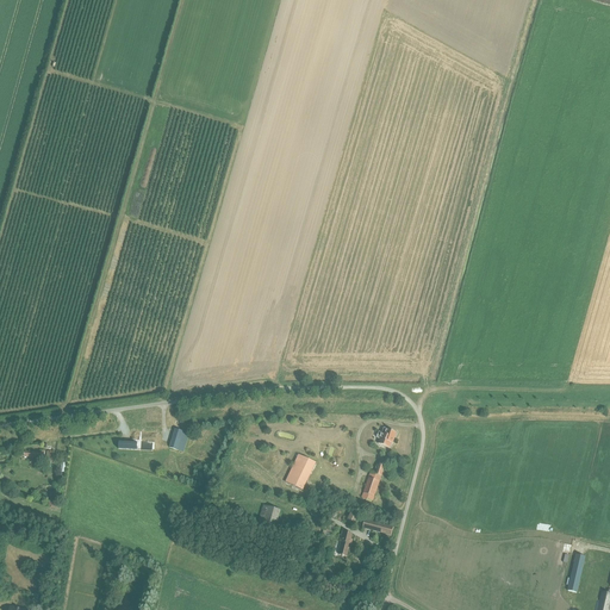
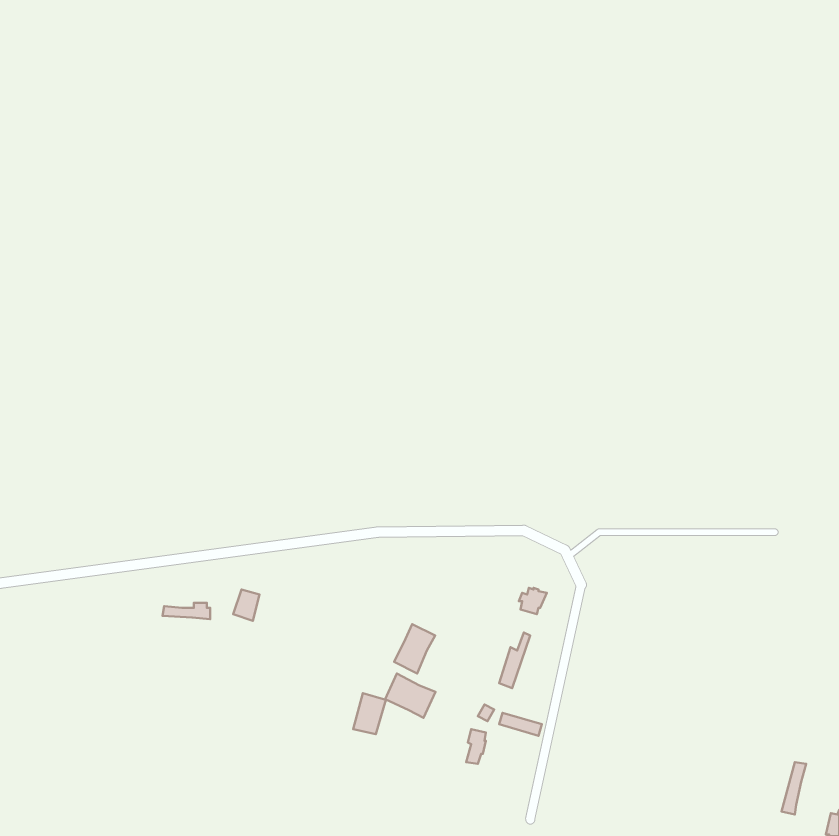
building: none -> [385,673,435,718]

